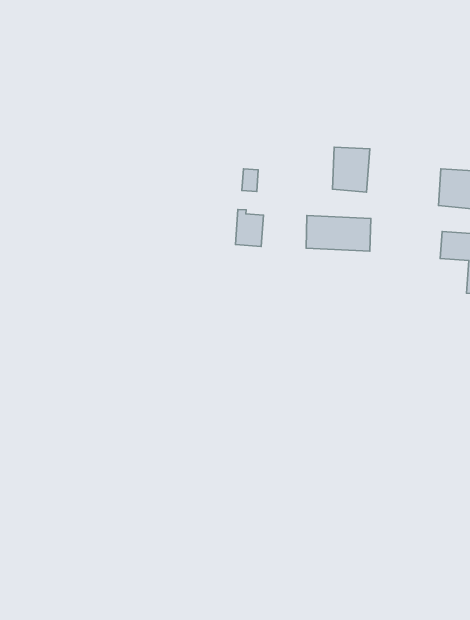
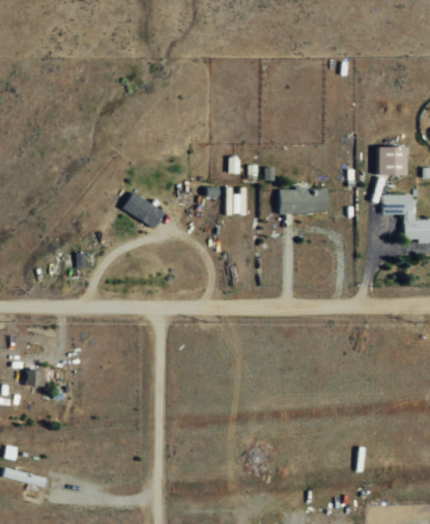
building: [332,147,370,192] -> none
building: none -> [122,194,164,227]

